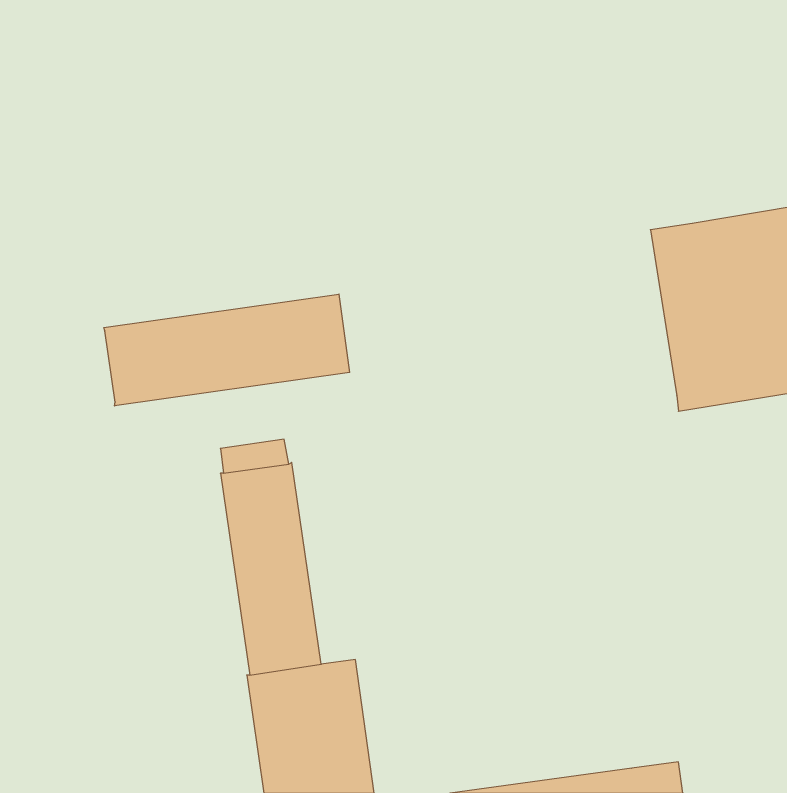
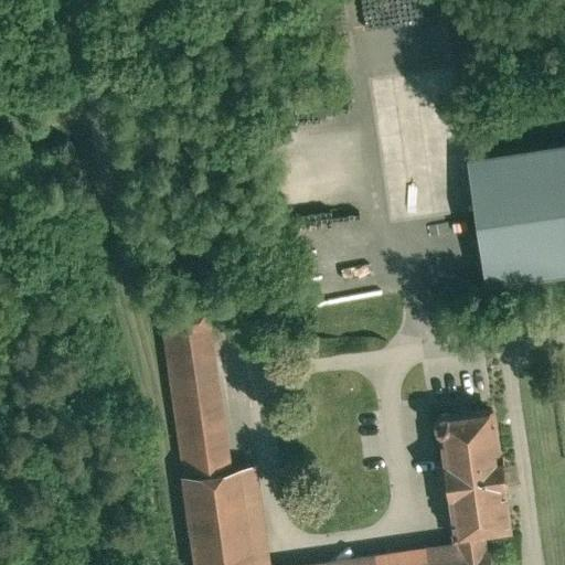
building: [104,294,350,406] -> none
building: none -> [436,415,514,546]

